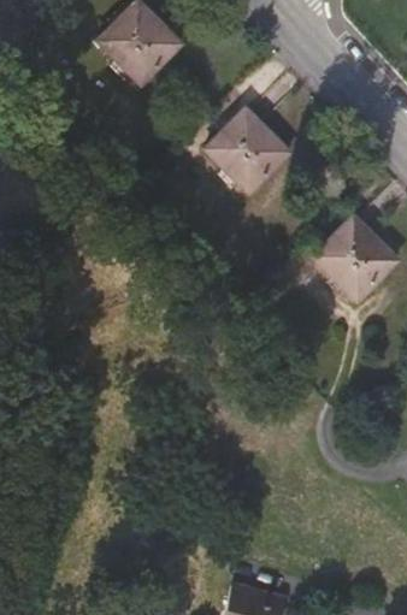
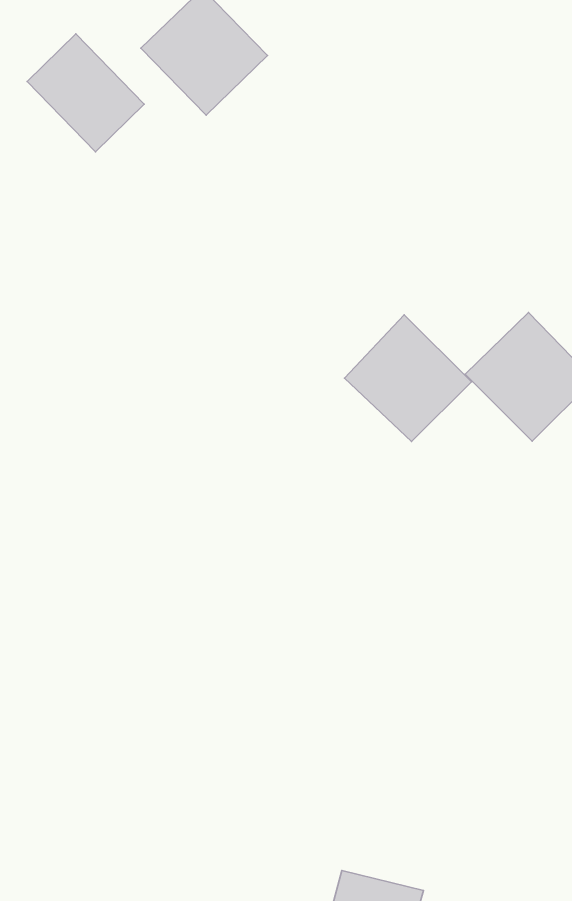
building: none -> [27,34,144,152]
building: [205,107,289,191] -> [345,315,471,442]

